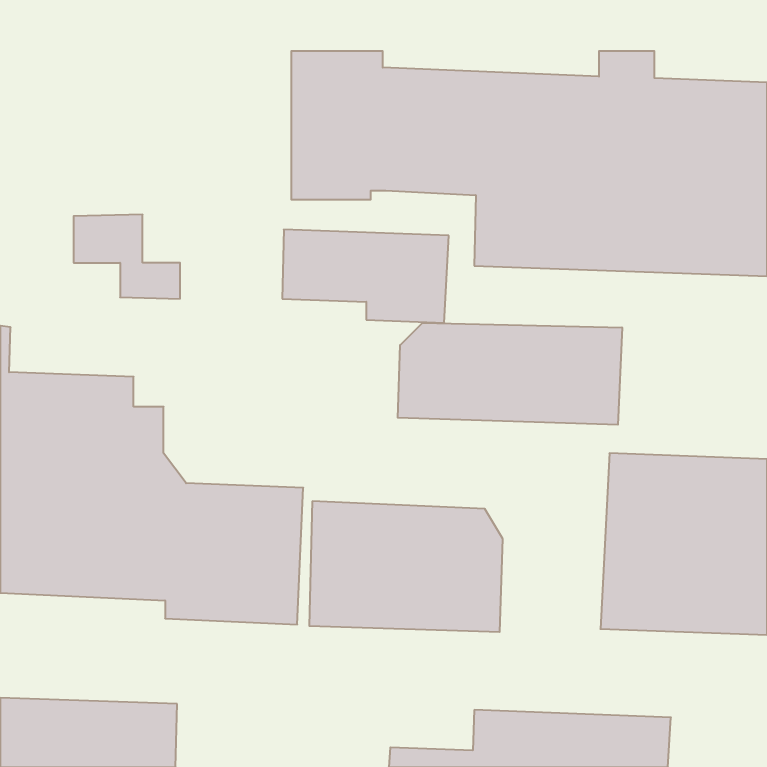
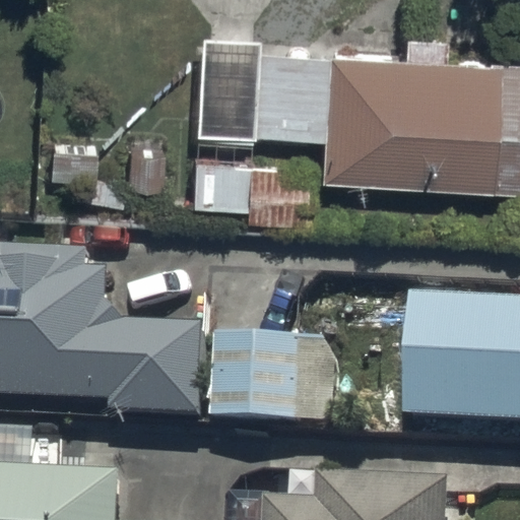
building: [398,323,622,425] -> none

